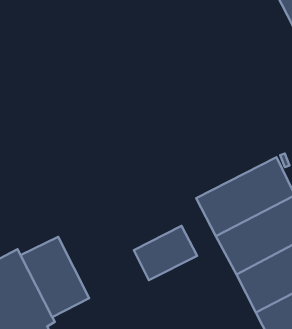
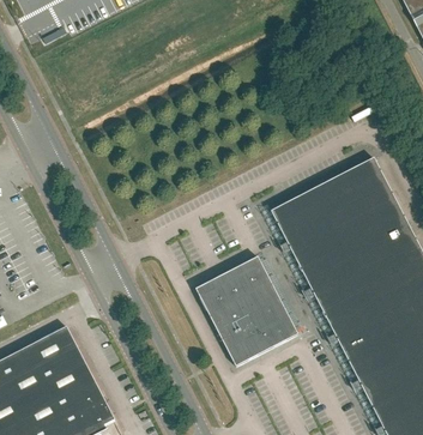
building: none -> [272,156,400,258]
building: none -> [197,255,278,325]
building: [20,237,89,317] -> none

